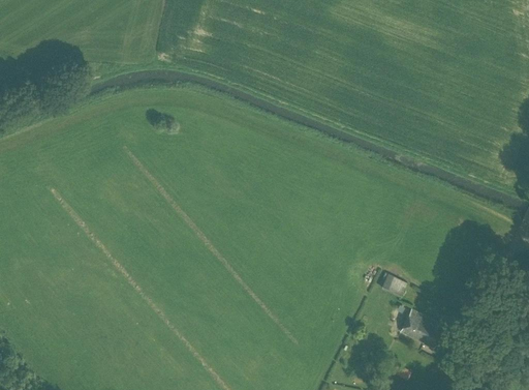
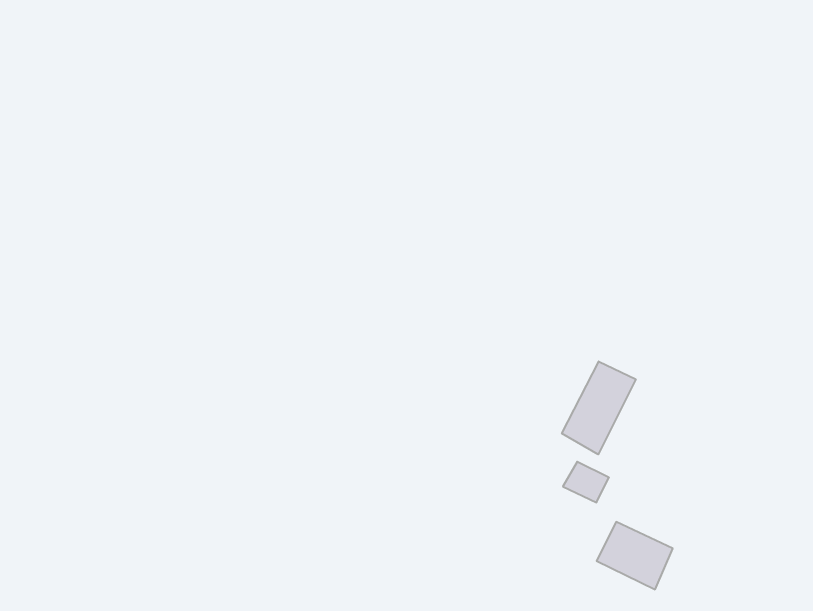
building: none -> [562,361,636,454]

